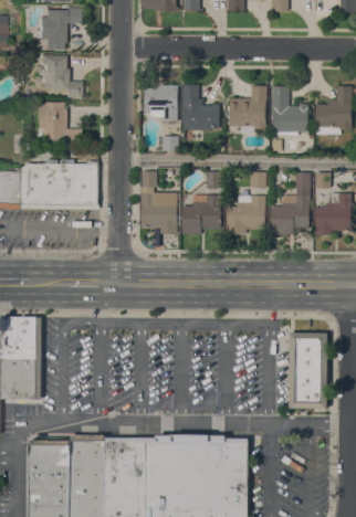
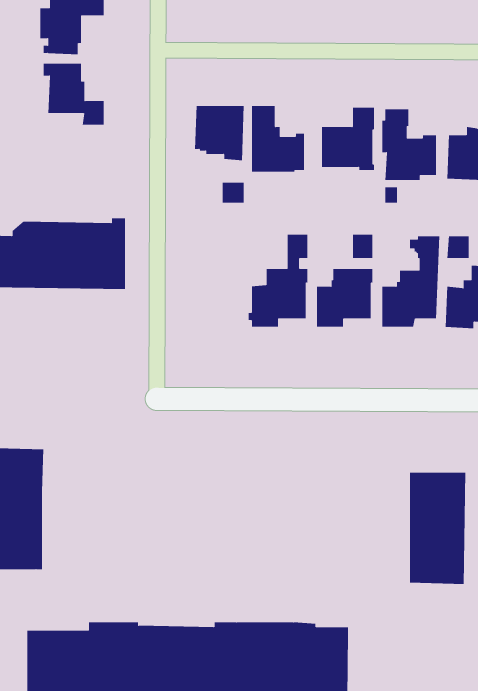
building: [39,101,82,145] -> none
building: [140,171,178,246] -> none

